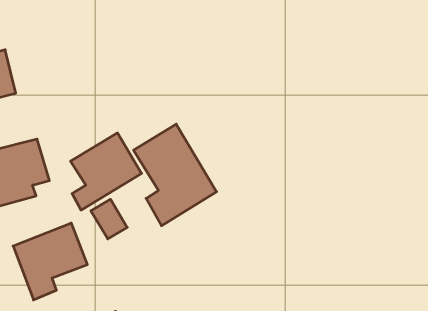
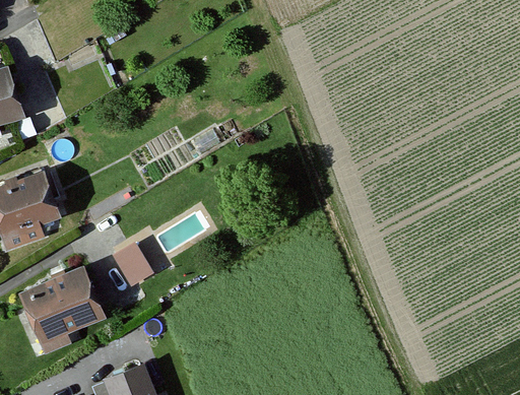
building: [134,124,217,226] -> none
building: [71,133,142,210] -> none

